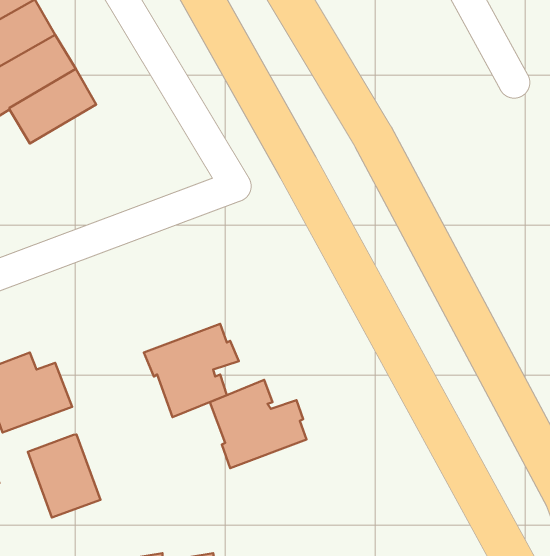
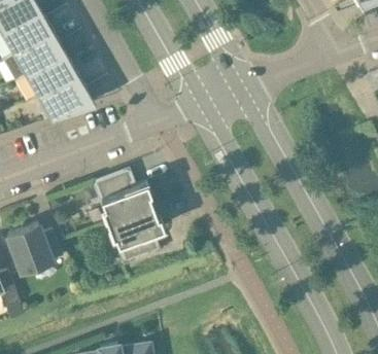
building: none -> [37,73,95,119]
building: [210,380,307,468] -> [94,170,152,223]
building: [28,434,100,517] -> none

